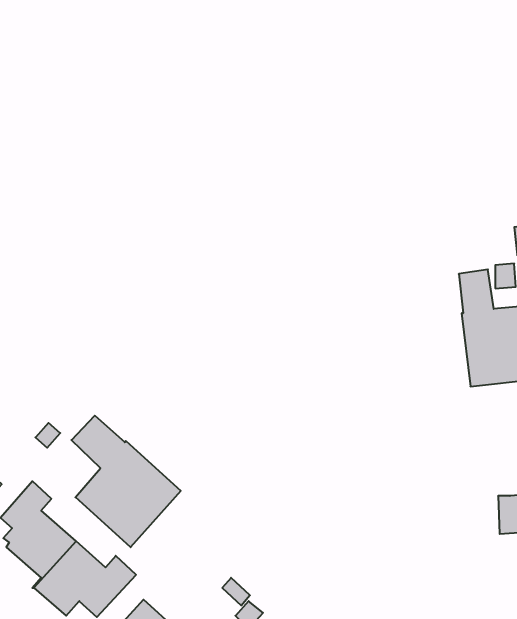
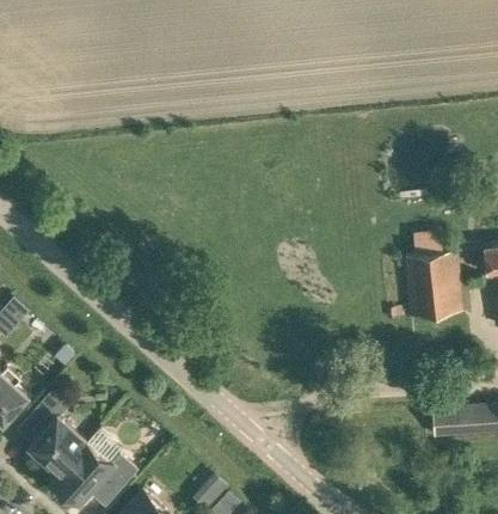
building: [71,416,181,547] -> none

